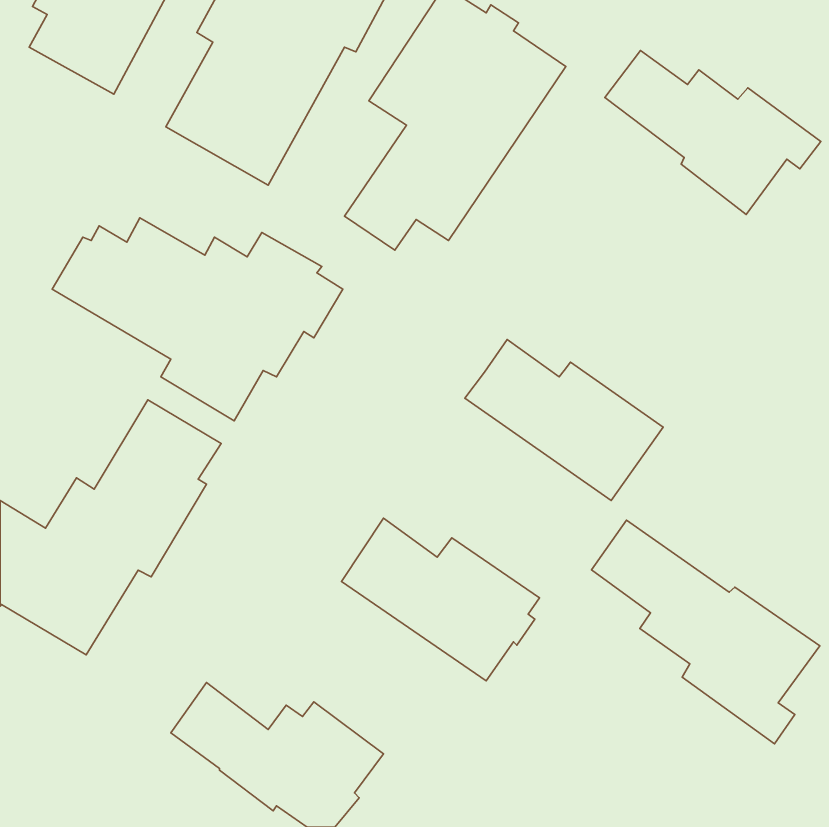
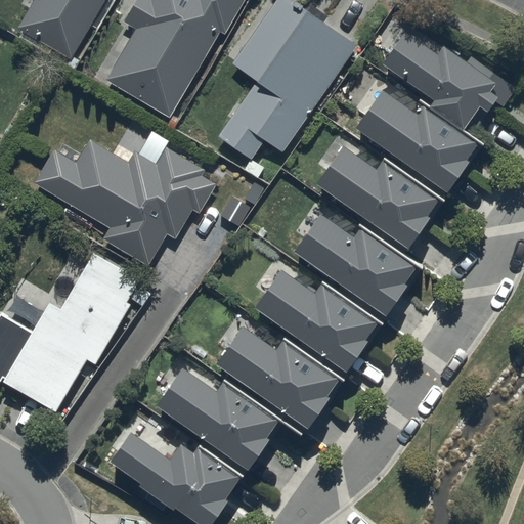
building: none -> [354,90,481,193]
building: none -> [317,146,442,249]
building: none -> [256,270,379,373]
building: [592,520,820,744] -> none
building: none -> [157,367,279,471]

